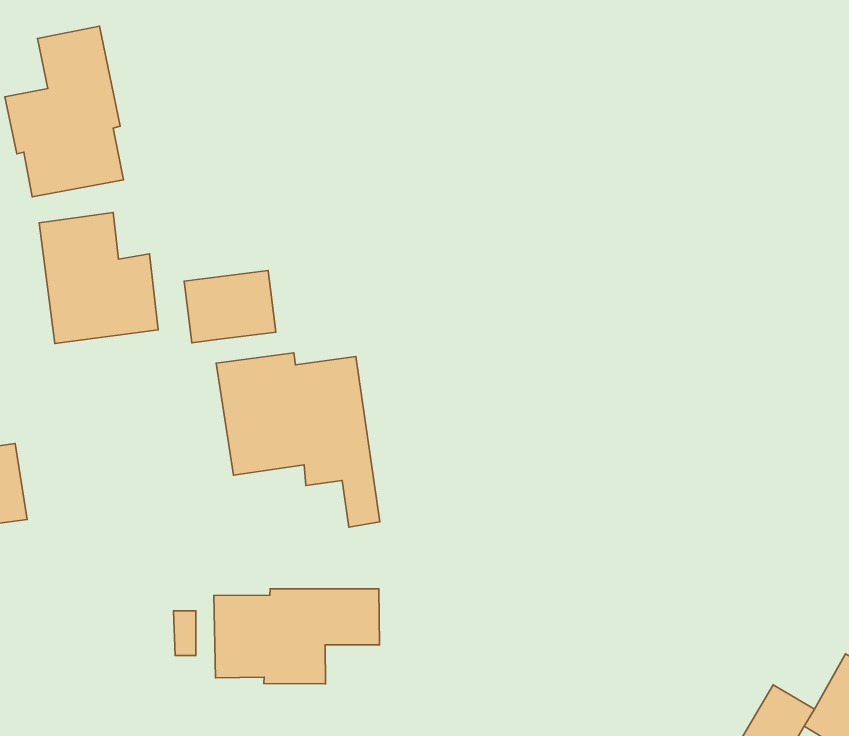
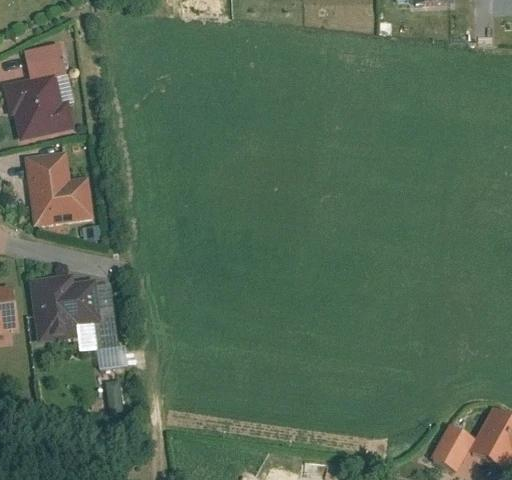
building: [184,270,276,343] -> none
building: [216,353,380,527] -> [28,272,123,373]
building: [214,589,379,684] -> none

